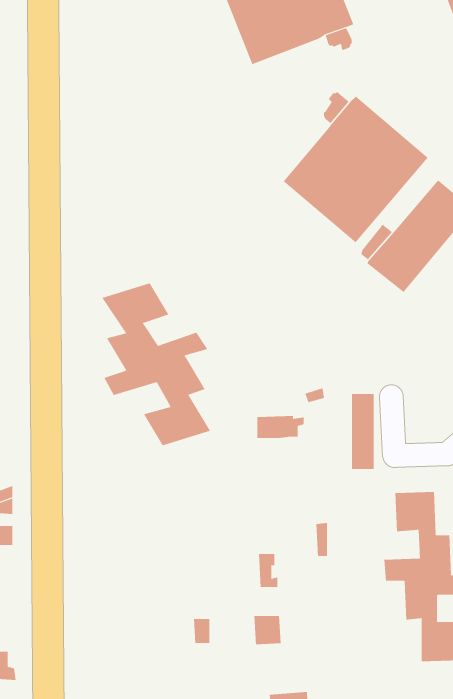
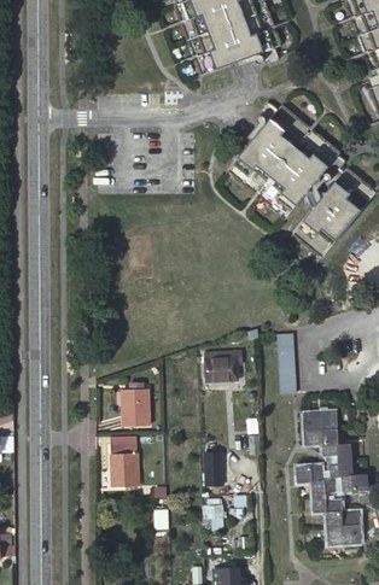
building: [102,282,211,446] -> none
building: none -> [121,388,148,426]
building: none -> [109,434,135,485]

